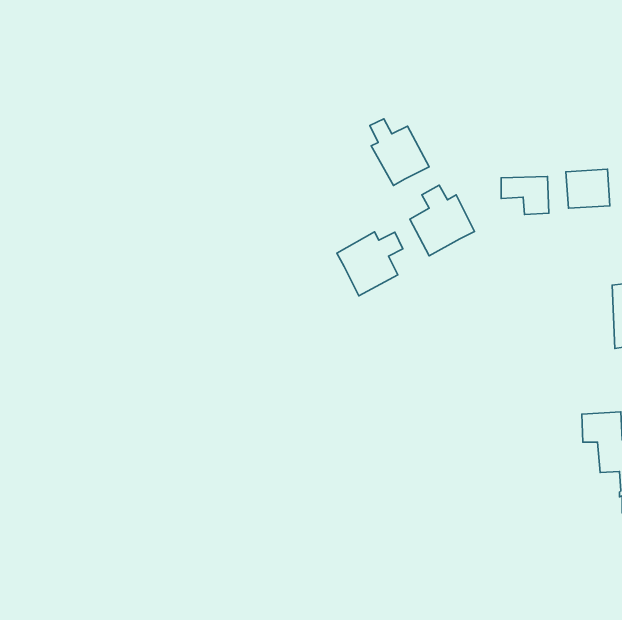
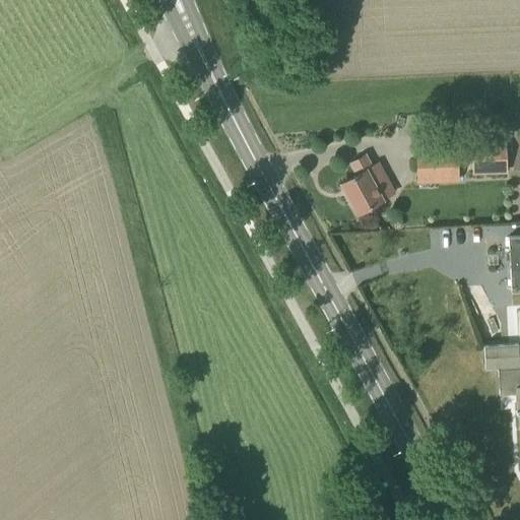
building: [370,119,429,186] -> none
building: [337,232,403,296] -> none

